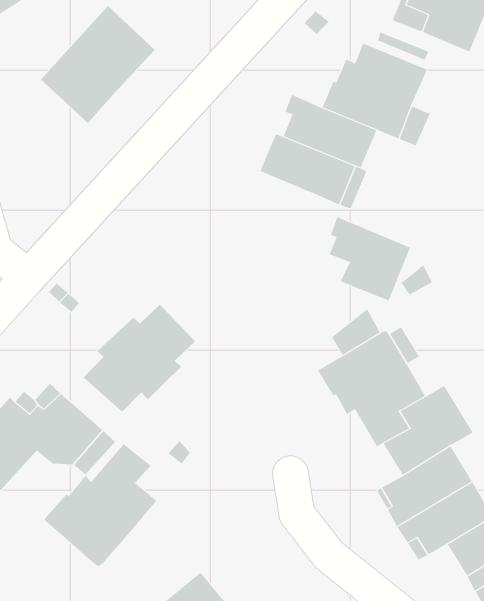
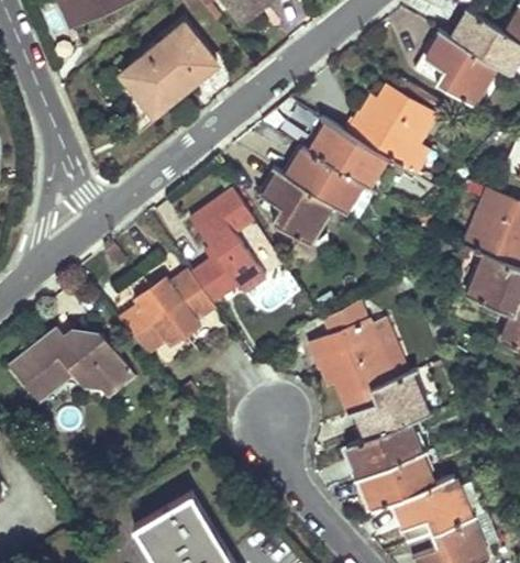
building: none -> [190,188,266,302]
building: [329,217,411,301] -> [265,169,332,244]
building: [43,443,157,567] -> none

